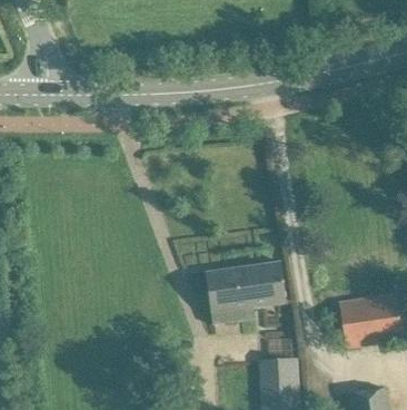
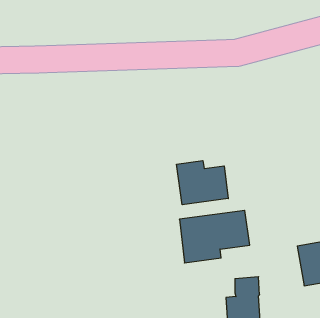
building: none -> [177,161,228,205]

